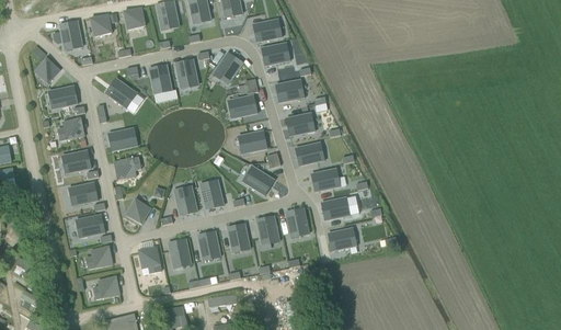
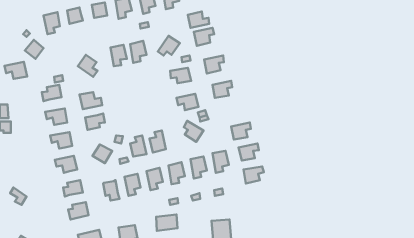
building: [47,84,78,107] -> [4,62,27,79]
building: [295,143,322,167] -> none

